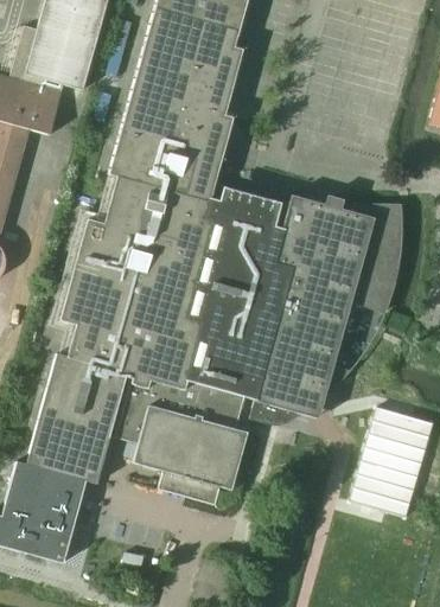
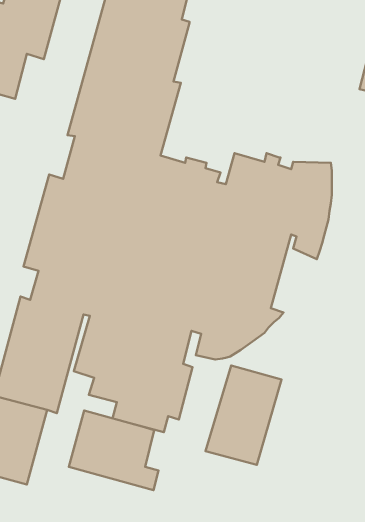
building: [349,405,433,516] -> [205,365,281,465]
building: none -> [69,410,158,490]

